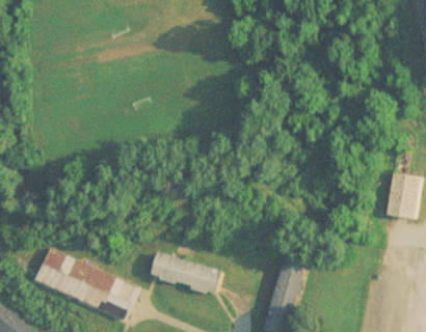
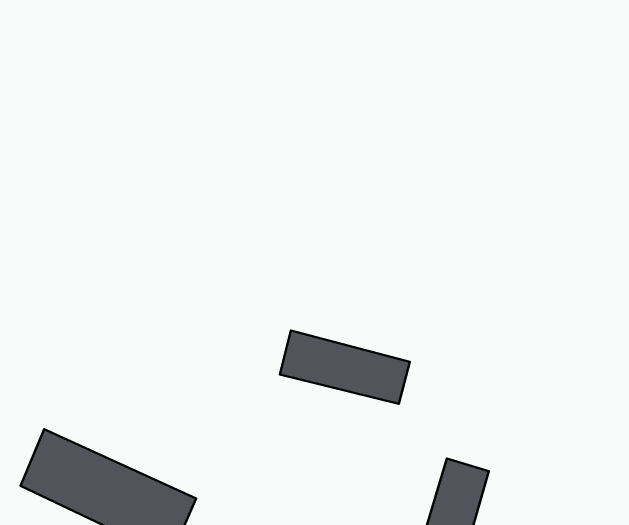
building: [150,253,223,295] -> [280,331,410,404]

